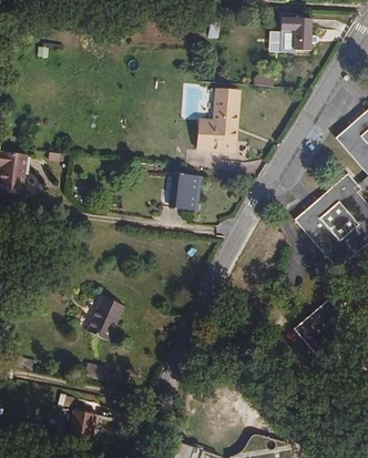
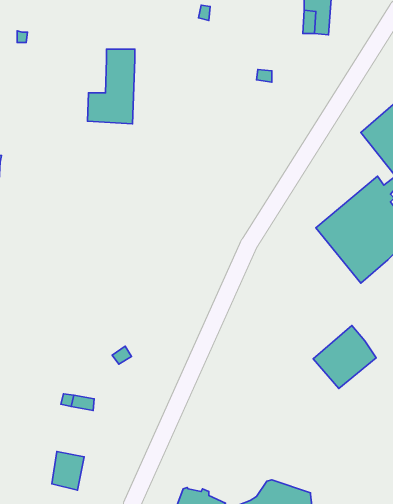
building: [198,84,239,149] -> [87,49,135,124]
building: [175,175,202,210] -> none
building: [88,296,125,339] -> none

